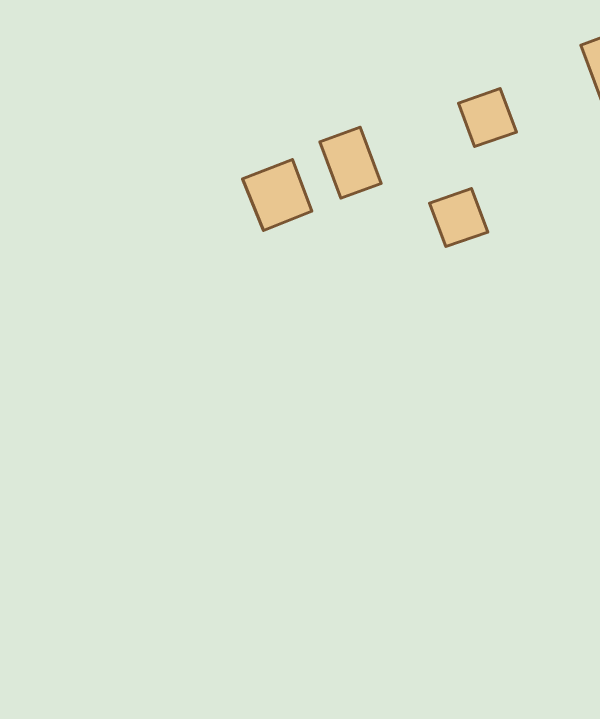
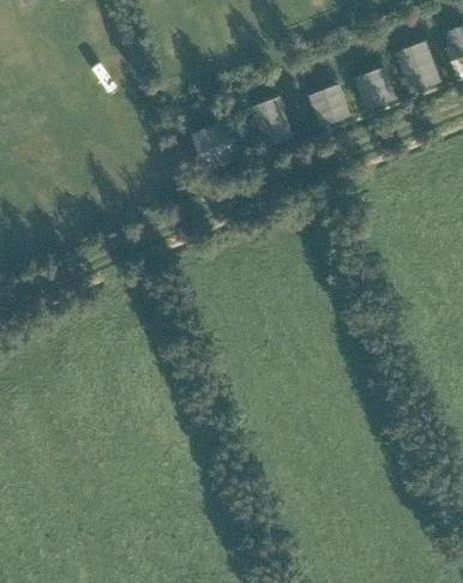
building: none -> [396,38,441,92]
building: [430,189,488,247] -> [308,83,351,126]

